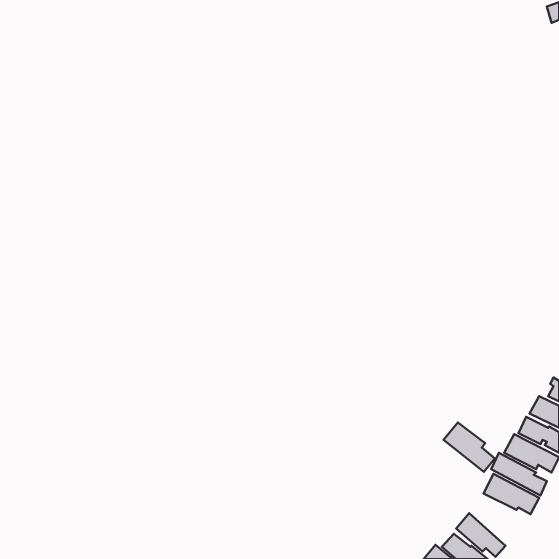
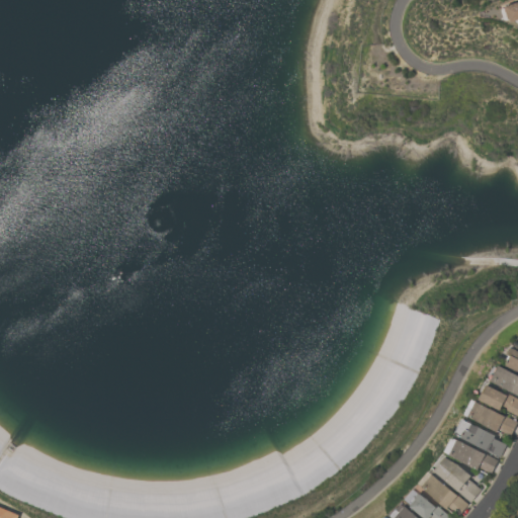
building: [443,422,495,472] -> [433,456,481,502]

